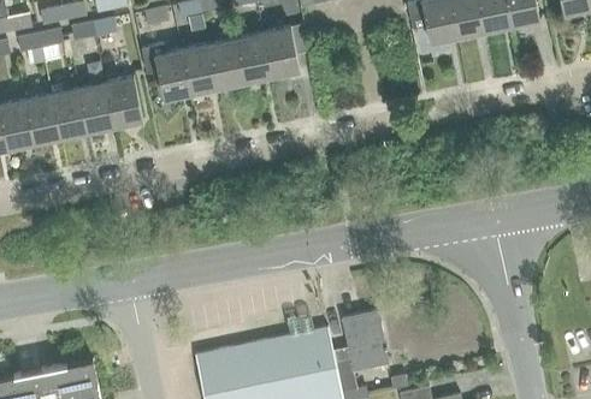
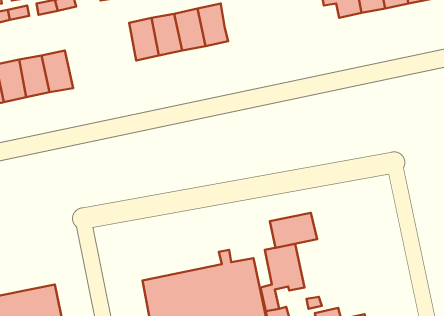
building: [140,44,189,101] -> none
building: [105,77,141,127] -> none
building: none -> [270,213,317,248]

